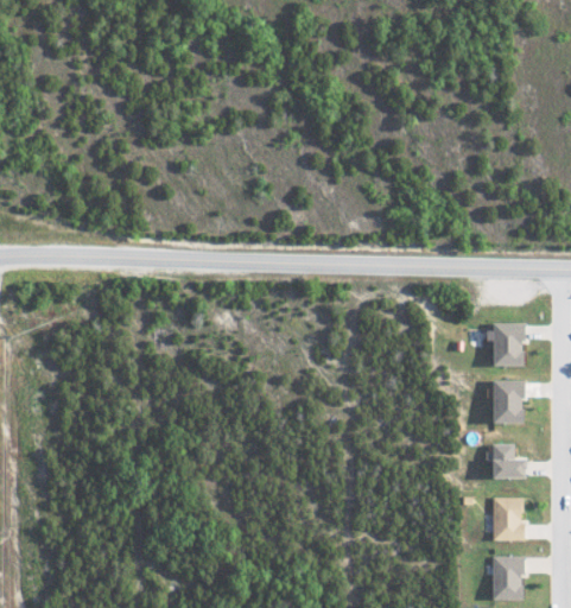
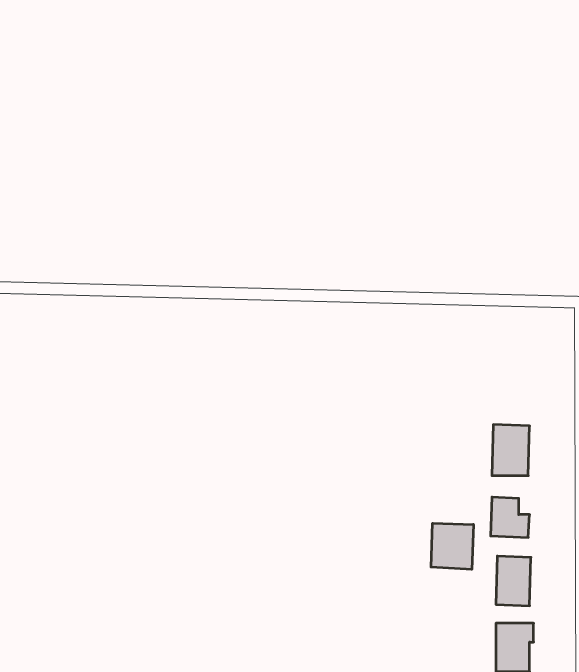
building: [484,322,527,367] -> none
building: none -> [431,523,473,569]

